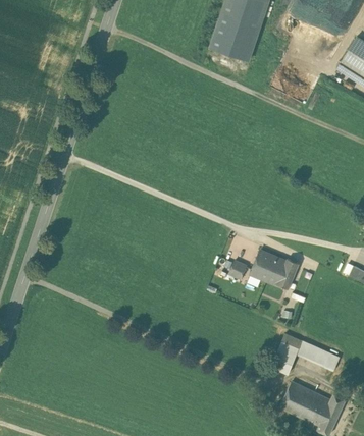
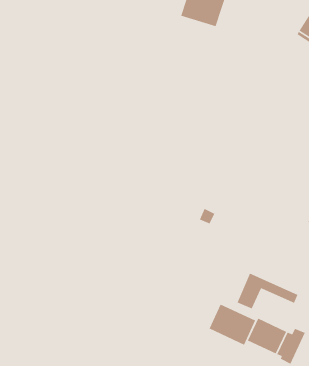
building: [250,252,299,289] -> none
building: none -> [209,303,256,346]

